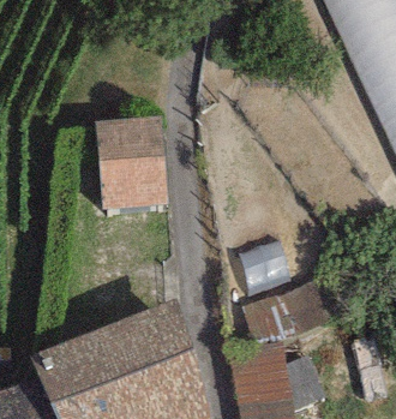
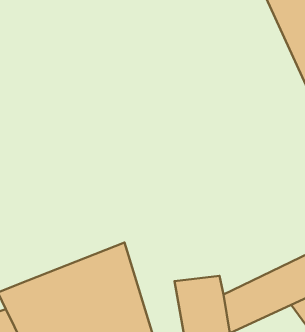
building: [96,121,170,214] -> none

